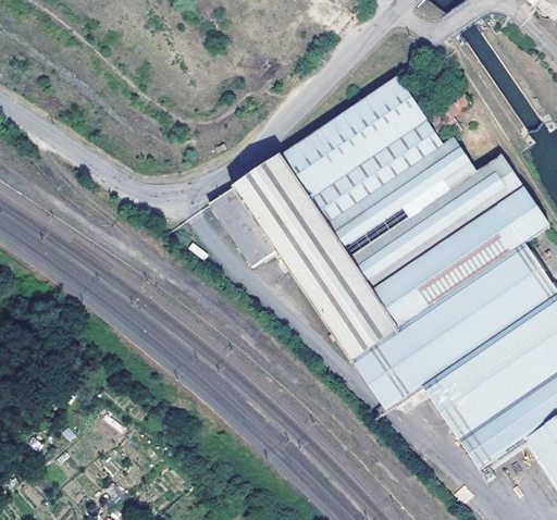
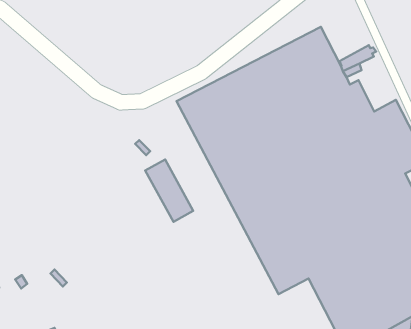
building: [209,189,274,264] -> [145,160,193,222]

